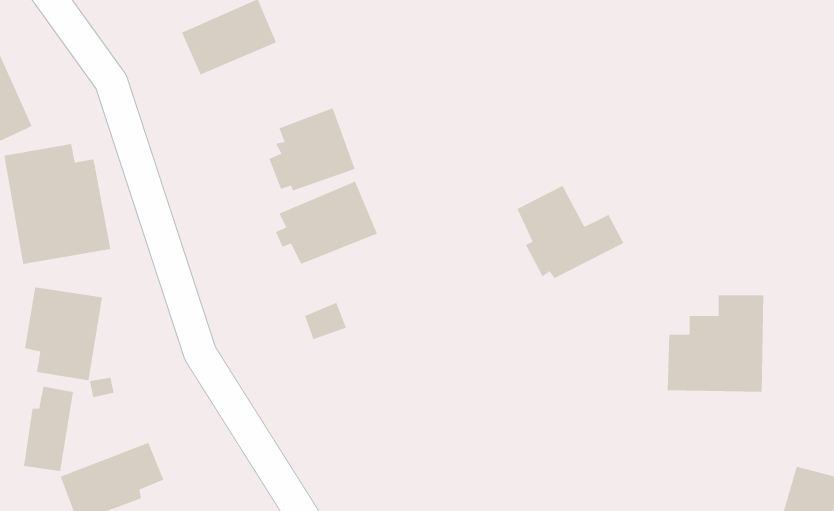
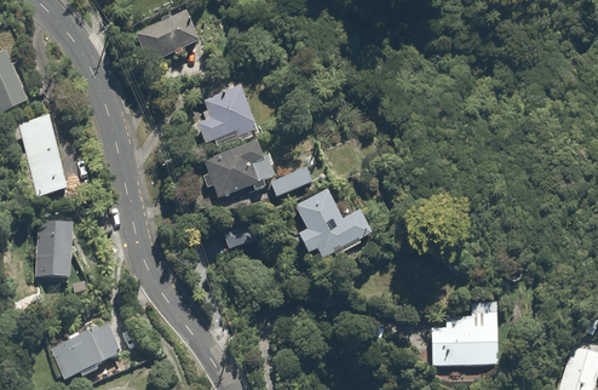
building: [517,185,624,279] -> [293,189,369,256]
building: none -> [266,164,311,196]
building: [667,295,764,392] -> [427,297,496,366]
building: [24,386,74,472] -> none

